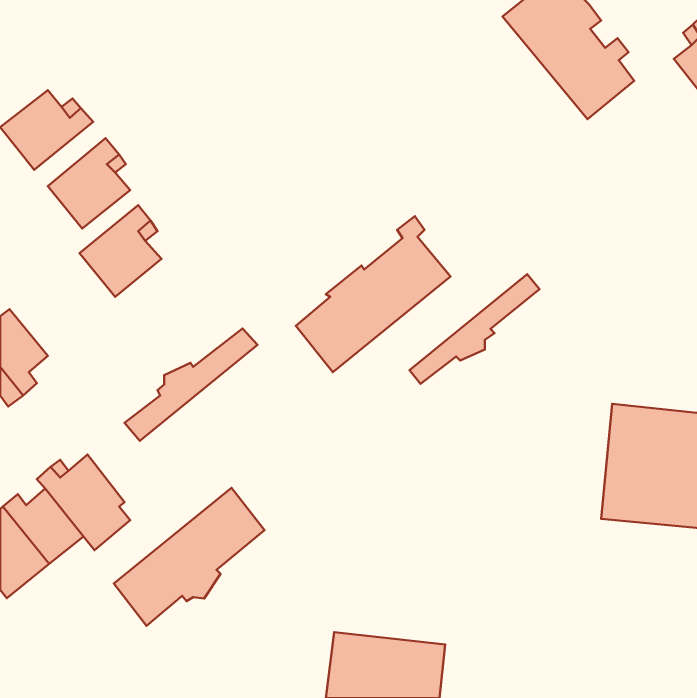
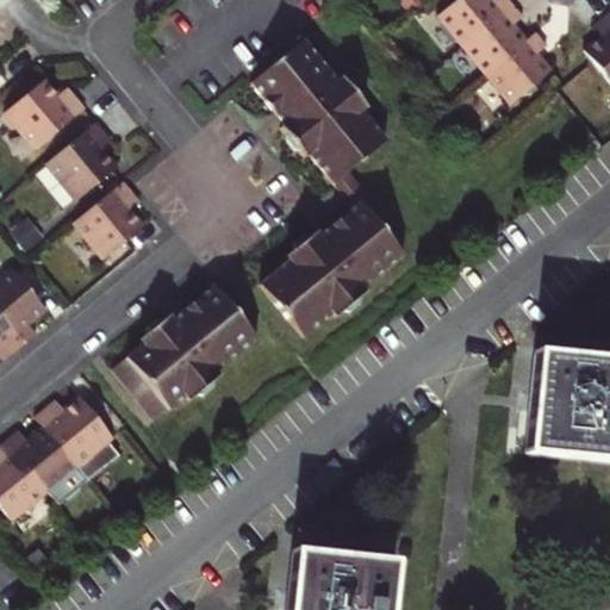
building: none -> [251,38,386,200]
building: [410,274,540,384] -> [292,241,405,336]
building: [114,488,264,626] -> [124,300,255,421]

